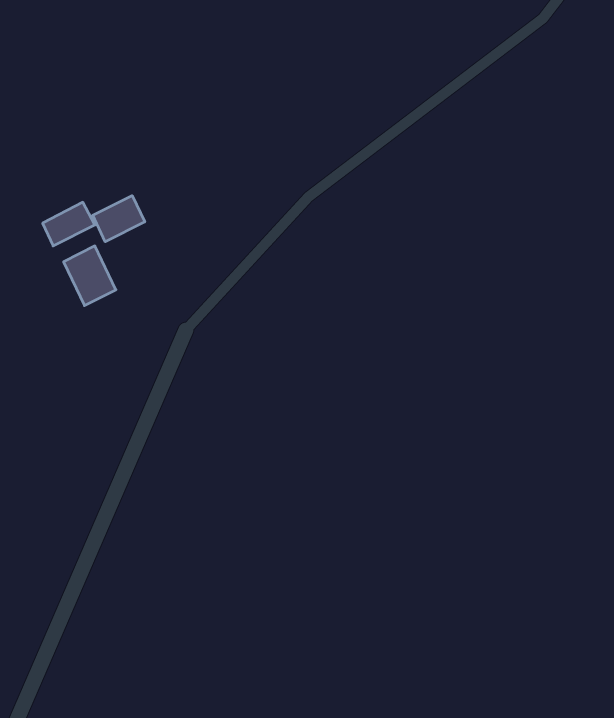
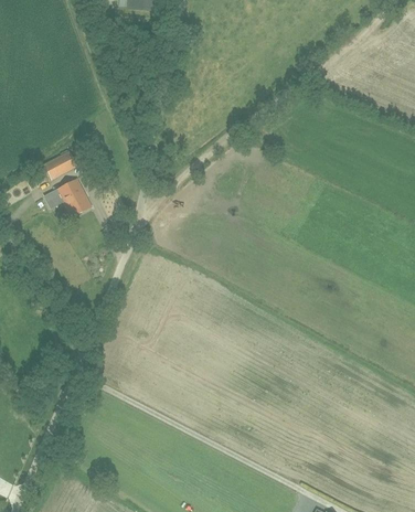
building: [93,196,145,242] -> none

